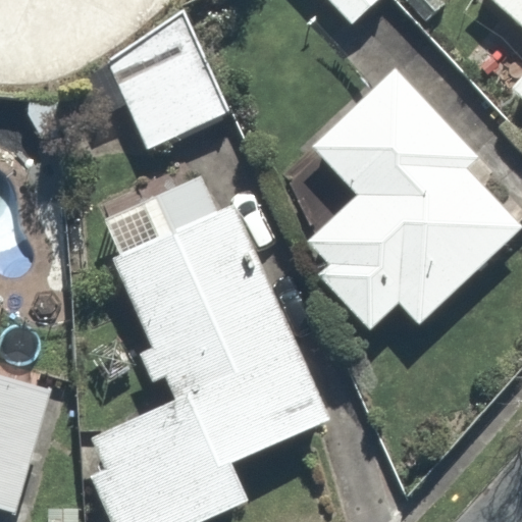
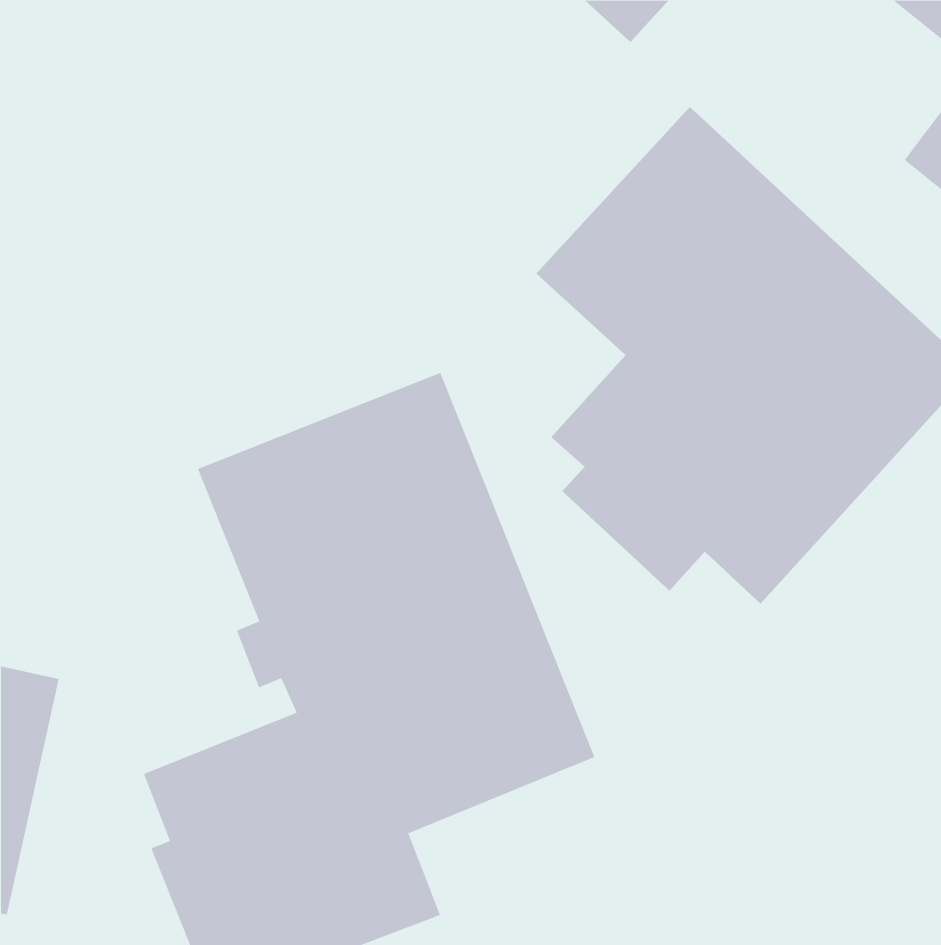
building: [103,22,237,156] -> none

